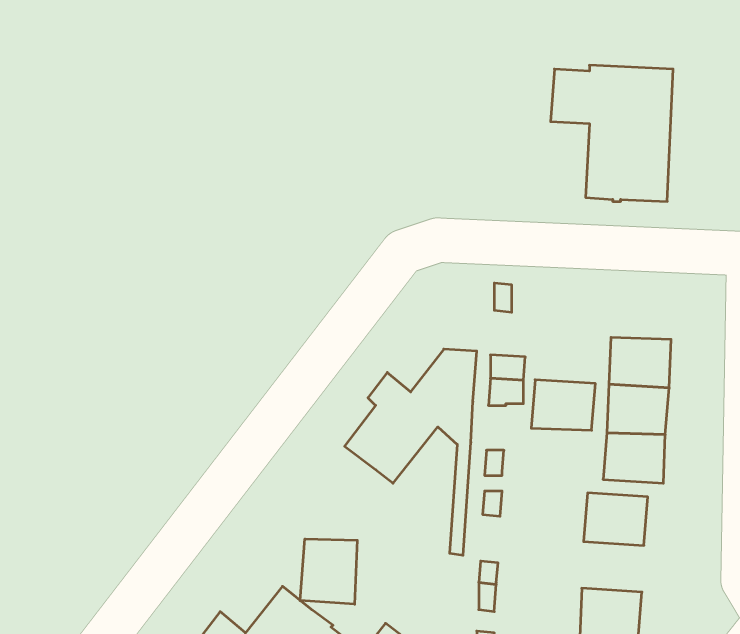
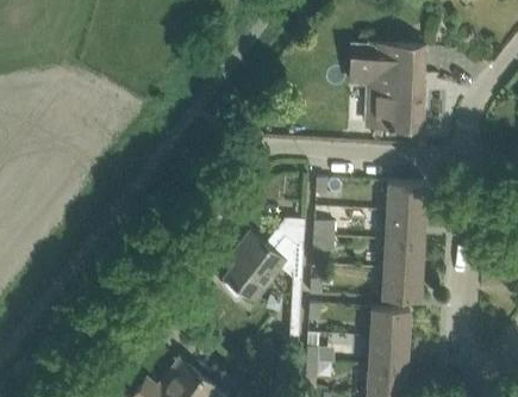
building: [531,380,595,430] -> [387,181,426,212]
building: [300,539,357,604] -> none
building: none -> [369,336,407,367]

